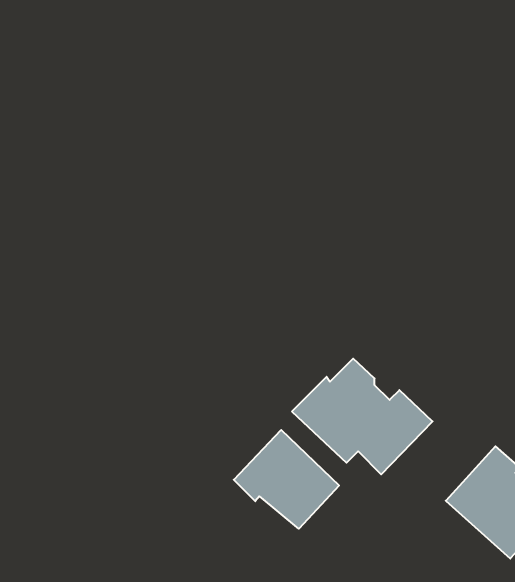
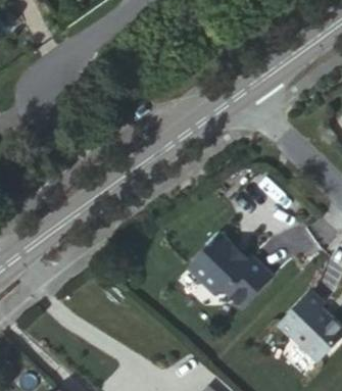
building: [234,430,339,529] -> none

